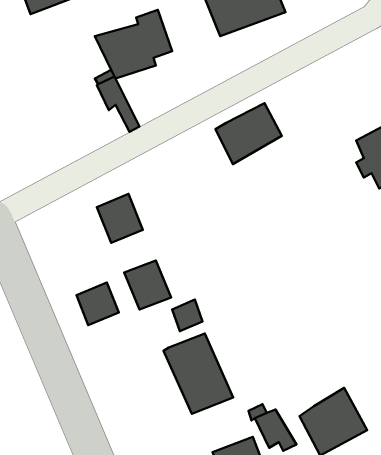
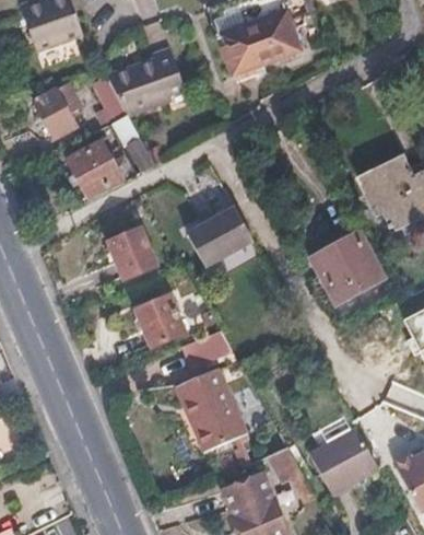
building: none -> [33,82,80,138]
building: none -> [72,138,119,191]
building: [215,103,282,164] -> [186,208,252,269]
building: none -> [310,235,377,301]
building: [76,282,119,325] -> none

